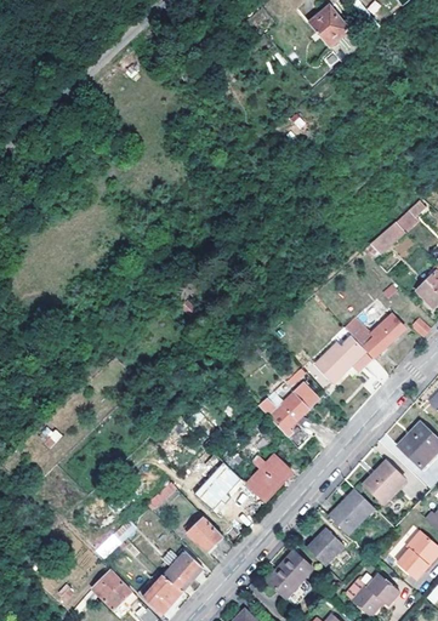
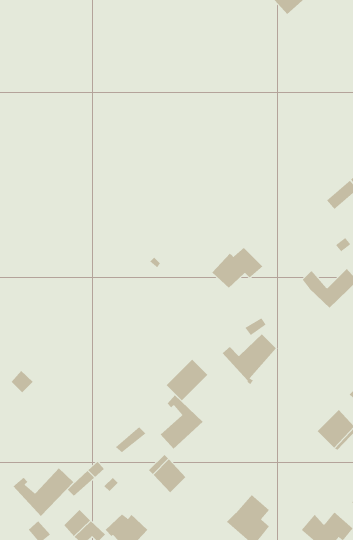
building: [317,337,371,381] -> [212,247,263,288]
building: [248,455,292,500] -> [166,359,208,401]
building: [325,490,370,535] -> none
building: none -> [13,468,74,517]
building: [306,530,343,568] -> none
building: [164,549,199,591] -> none

